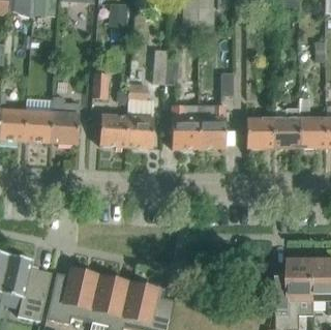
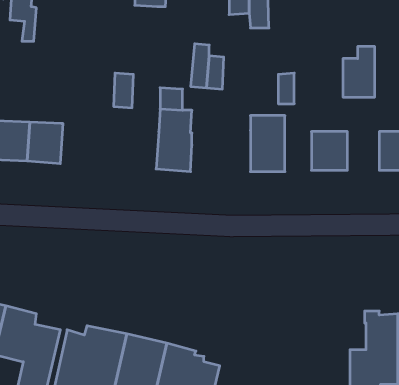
building: [52,95,81,143] -> none
building: [172,104,200,148] -> none
building: [275,108,300,147] -> [343,47,375,97]
building: [99,115,128,146] -> none

